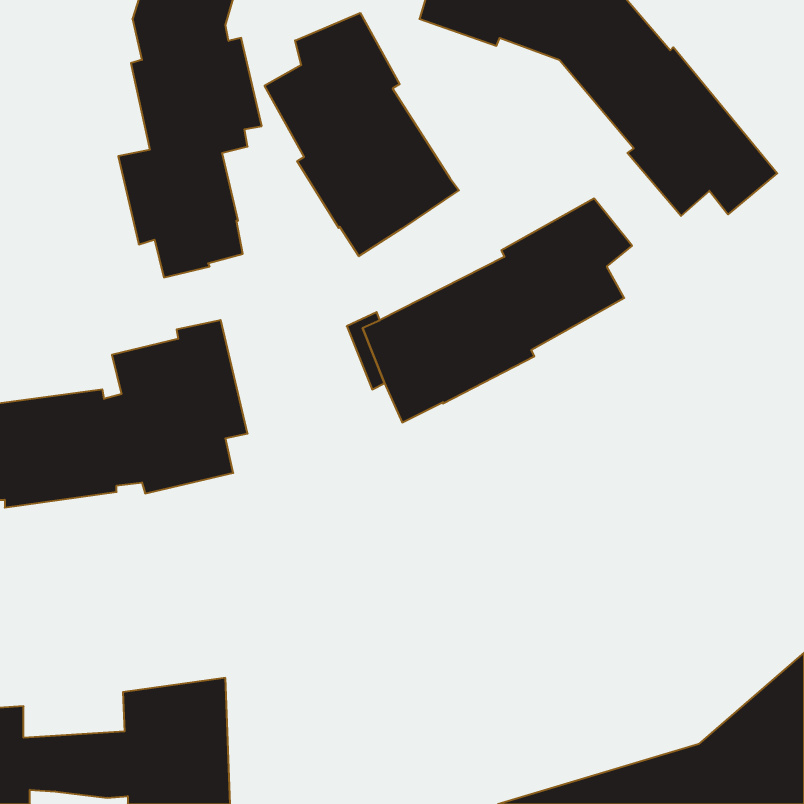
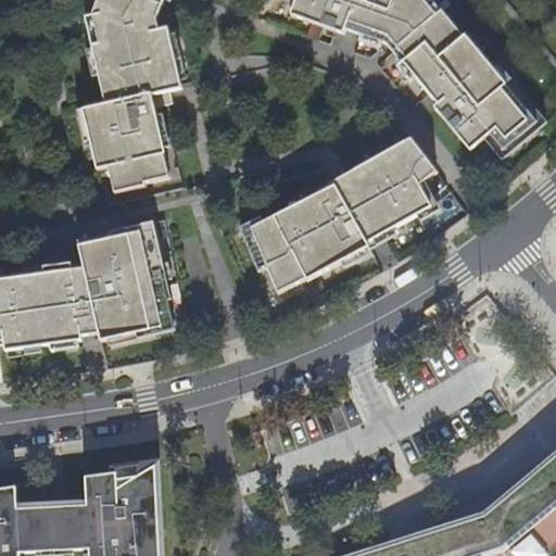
building: [265,13,459,256] -> none

